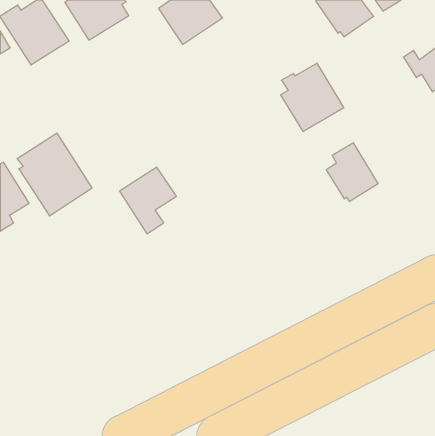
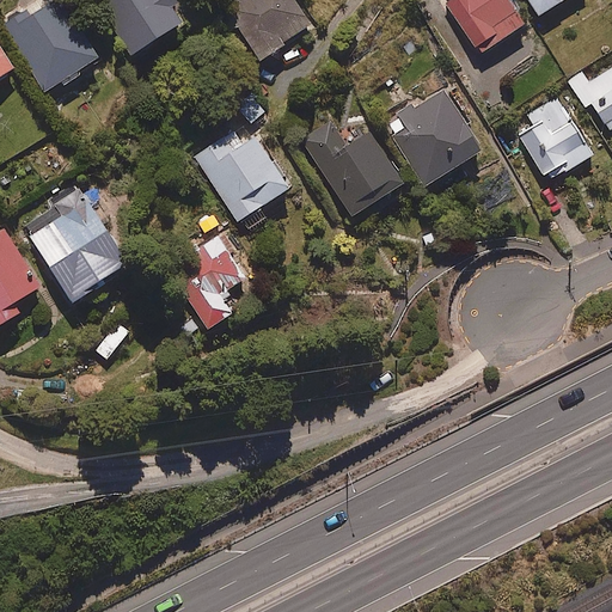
building: none -> [300,121,405,219]
building: none -> [194,135,288,225]
building: [326,143,378,202] -> [520,96,593,178]

